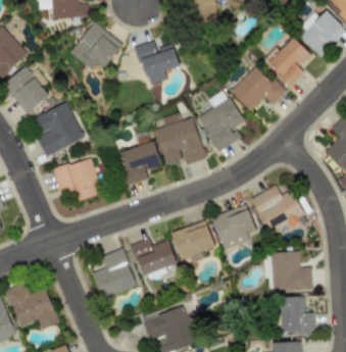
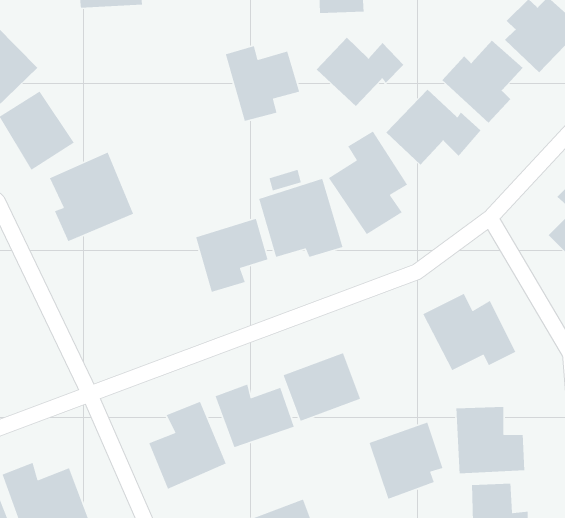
building: [69,21,123,70] -> none
building: none -> [316,37,404,107]
building: [53,157,102,201] -> none
building: [212,204,256,250] -> [369,422,444,500]

